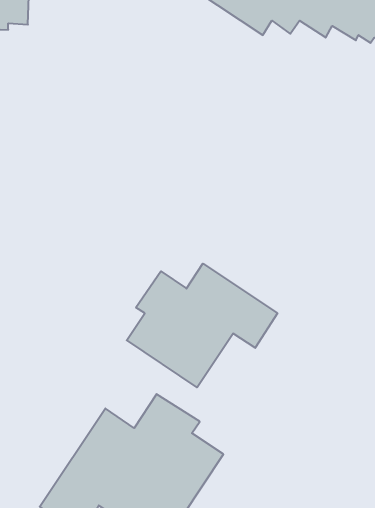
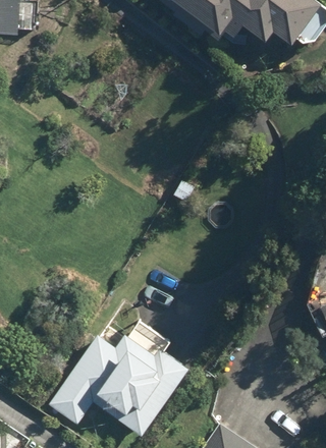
building: [127,264,277,387] -> none

